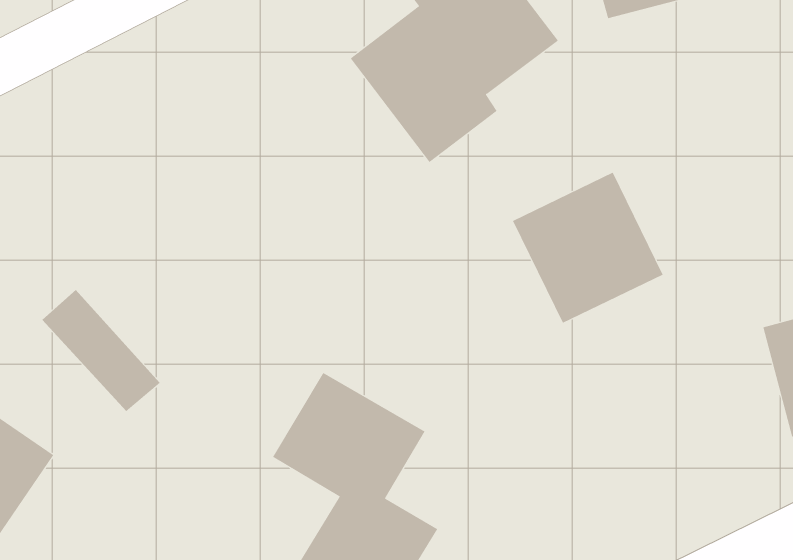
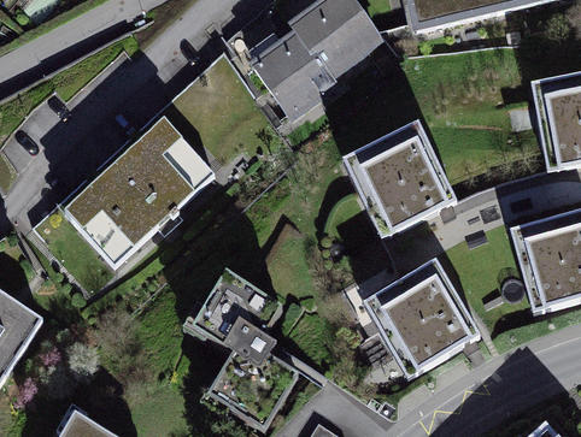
building: none -> [63,119,218,268]
building: none -> [369,274,471,378]

